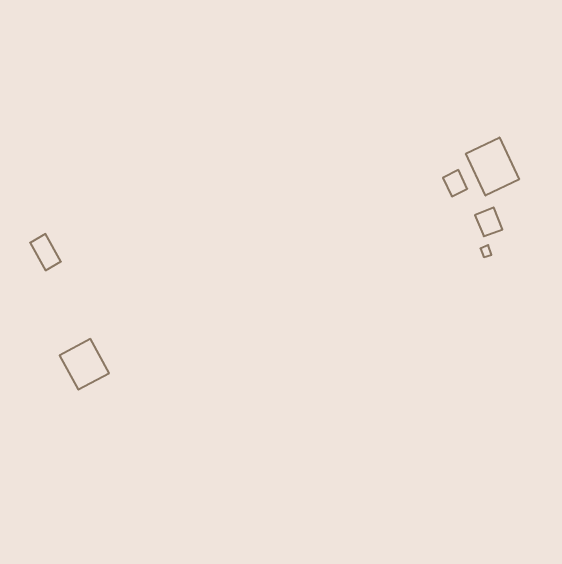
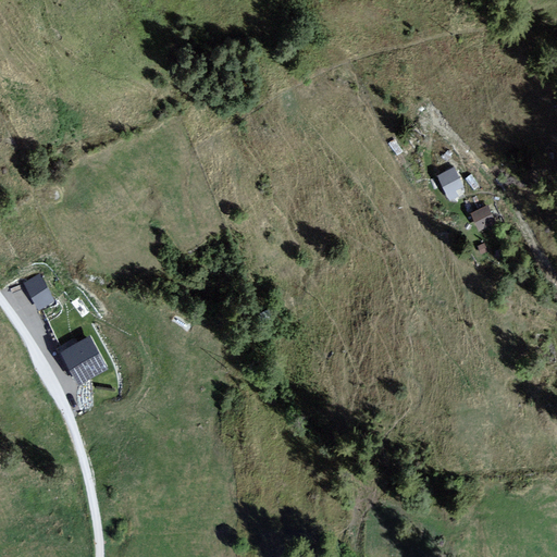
building: [466,137,519,196] -> none
building: [30,234,61,270] -> [24,273,54,309]

